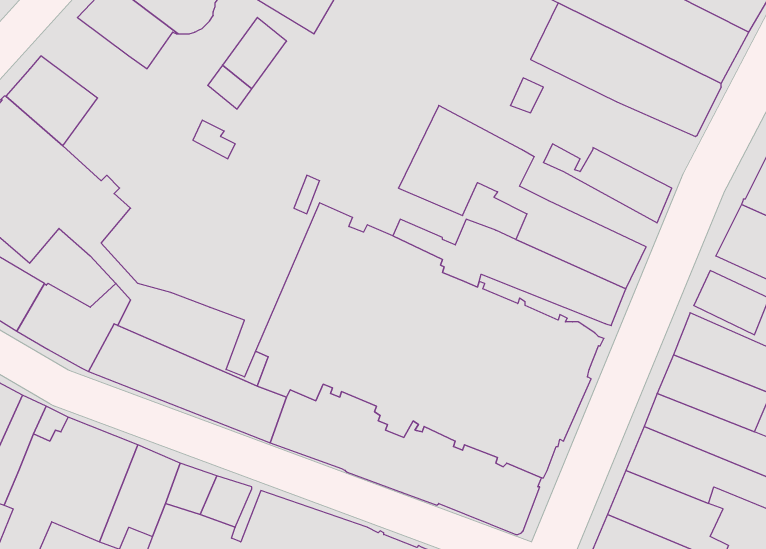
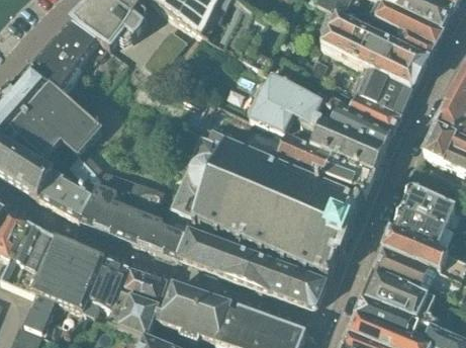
building: none -> [51,20,99,65]
building: none -> [355,67,411,114]
building: none -> [331,105,390,147]

